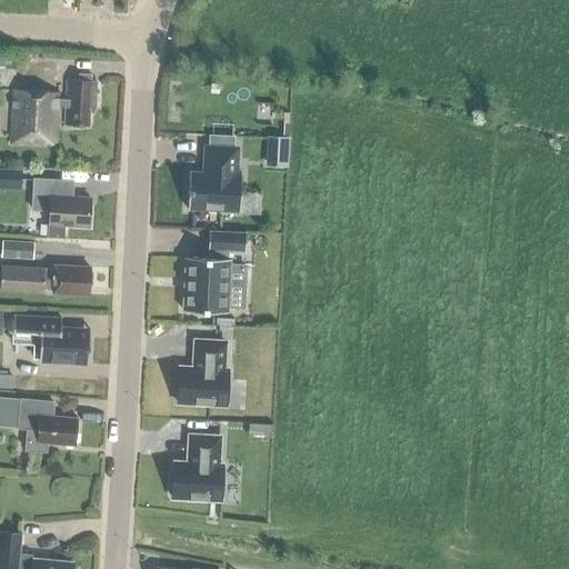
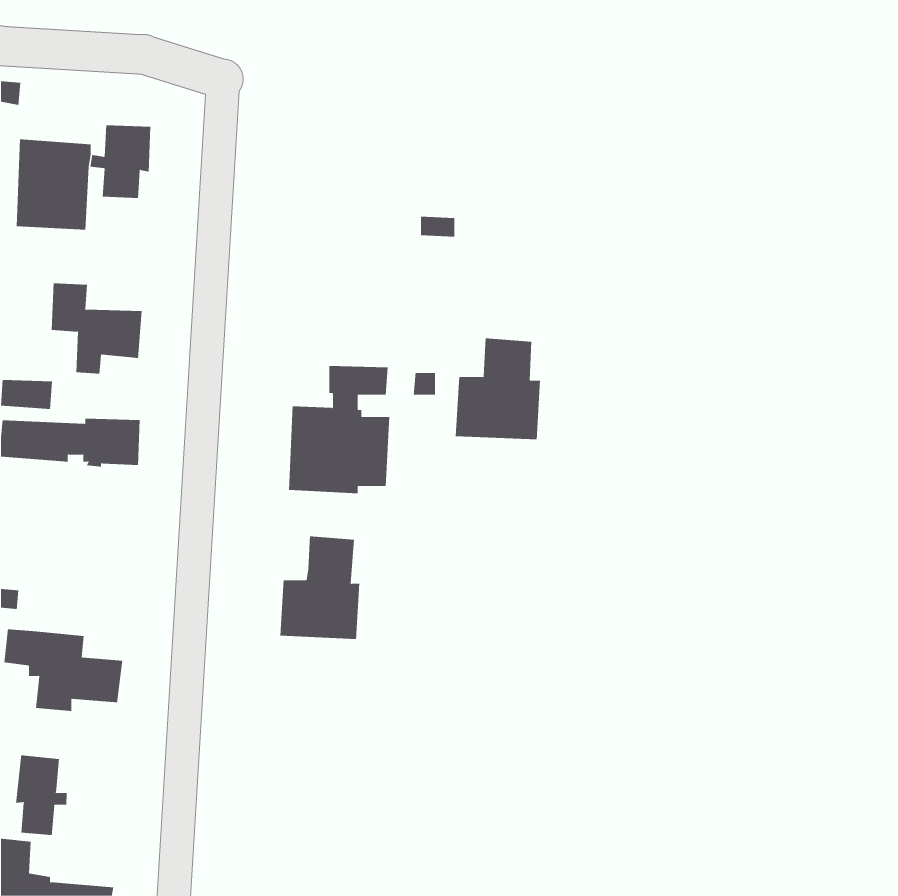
building: [187,147,241,211] -> [455,338,541,440]
building: [11,315,89,363] -> none
building: [171,435,222,500] -> none
building: none -> [16,754,67,836]

